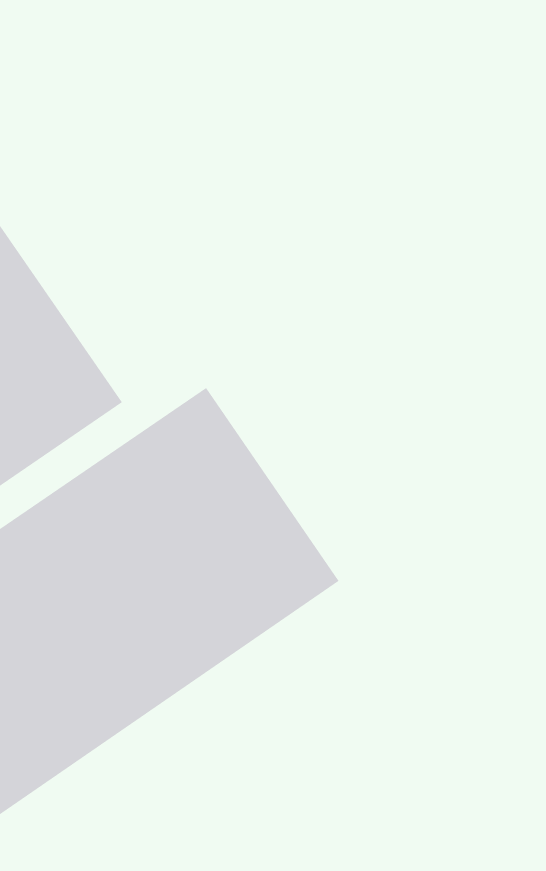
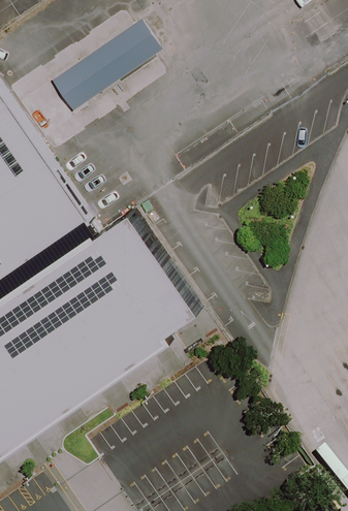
building: none -> [51,17,161,108]

